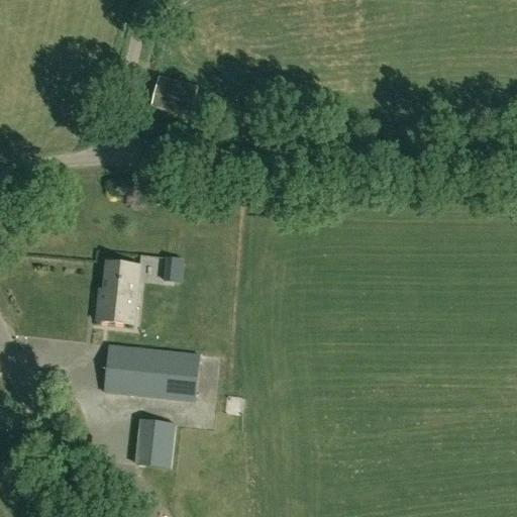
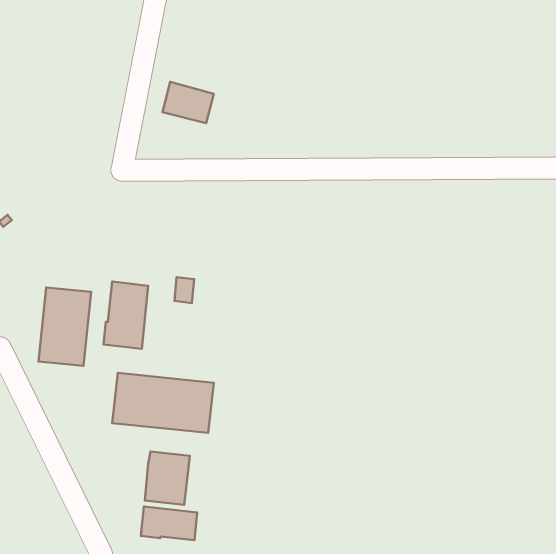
building: none -> [39,287,91,366]
building: none -> [141,507,197,540]

